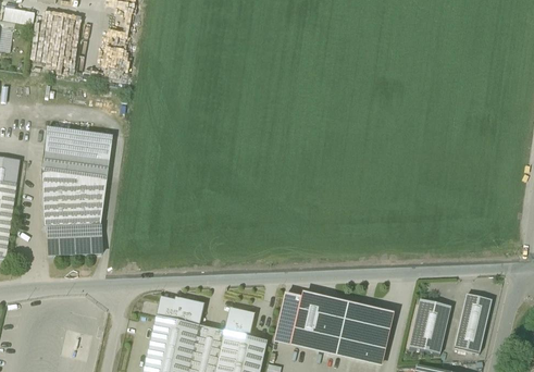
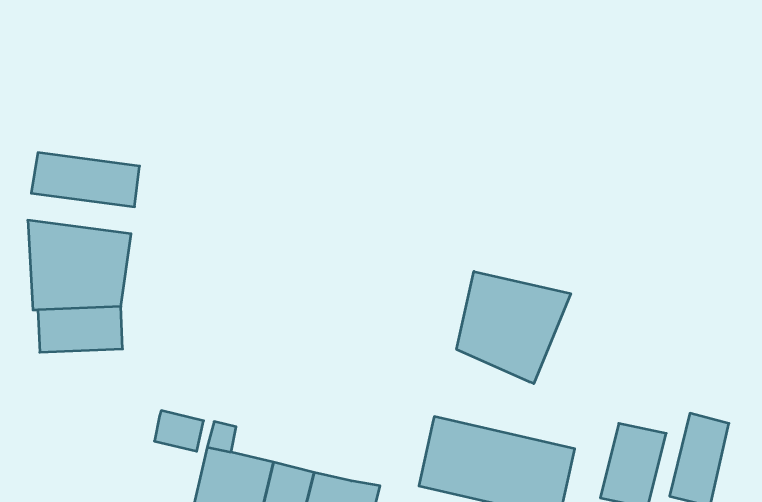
building: [40,151,109,177] -> none
building: none -> [457,271,571,384]
building: [274,295,300,339] -> none
building: [171,298,202,324] -> [154,411,204,451]
building: [224,308,253,336] -> none

